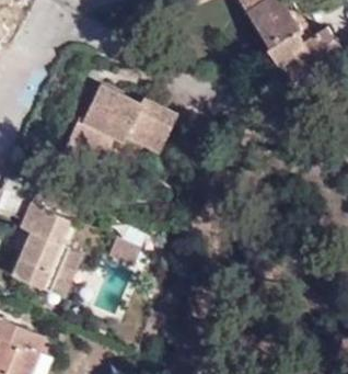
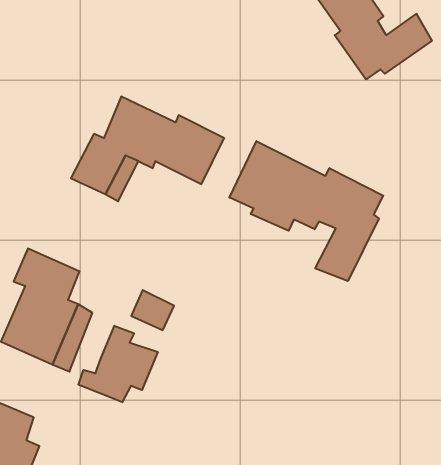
building: none -> [229,141,383,281]
building: none -> [78,326,158,402]

